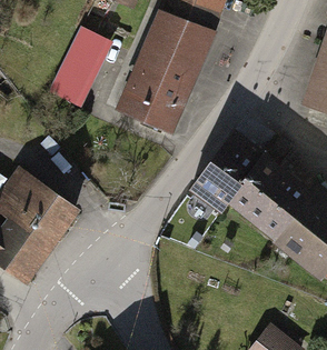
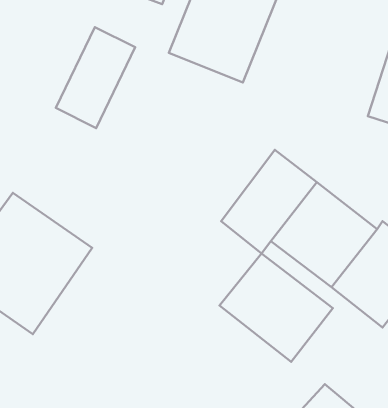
building: [115,48,201,136] -> none
building: none -> [219,253,333,362]

